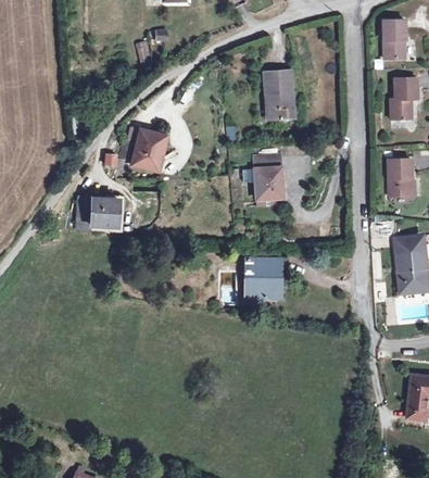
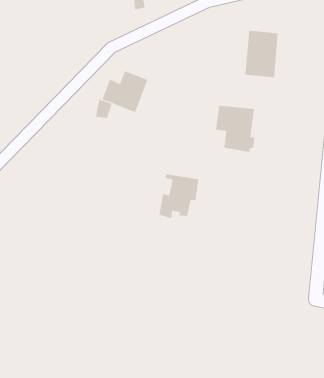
building: [88,198,117,226] -> none
building: [240,256,277,302] -> [159,174,199,219]

